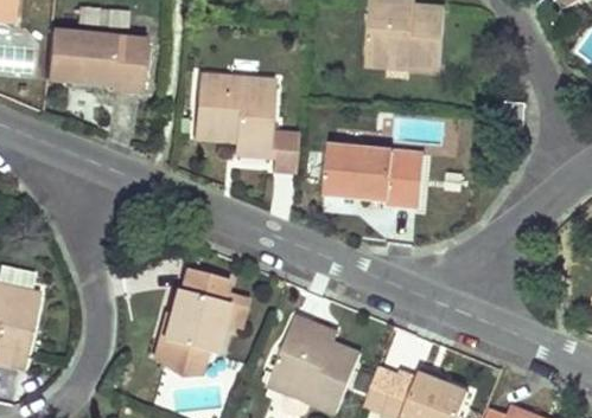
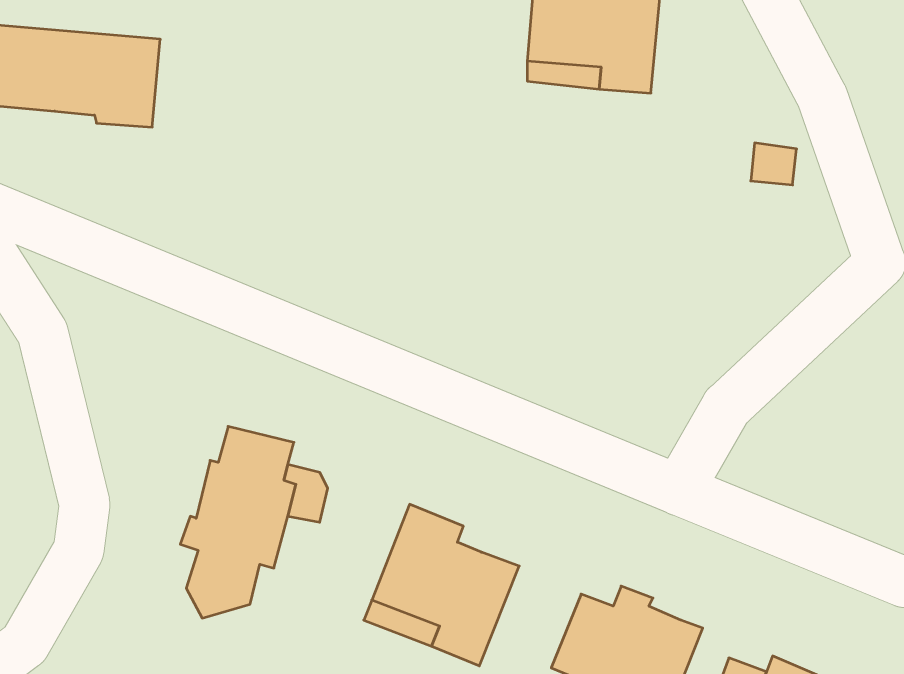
building: [193,75,300,172] -> none
building: [323,146,424,207] -> none

